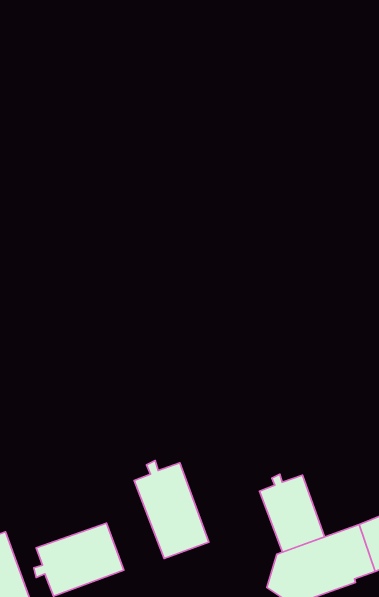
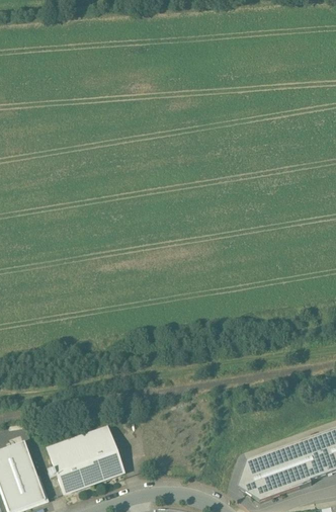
building: [134,460,209,559] -> none
building: [260,474,325,552] -> none

